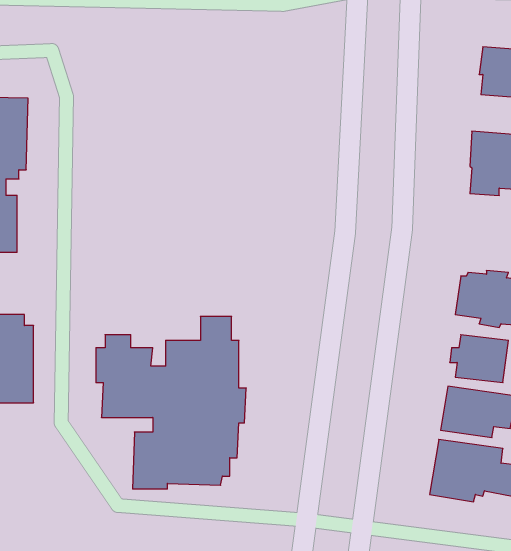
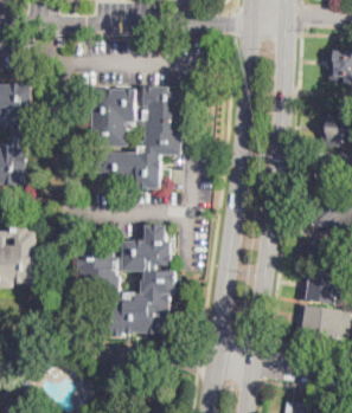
building: none -> [85,86,184,191]

